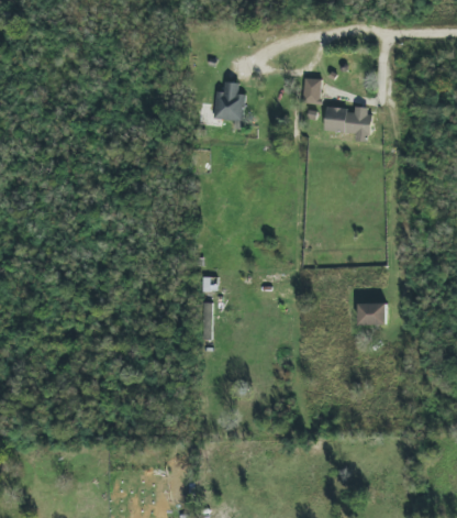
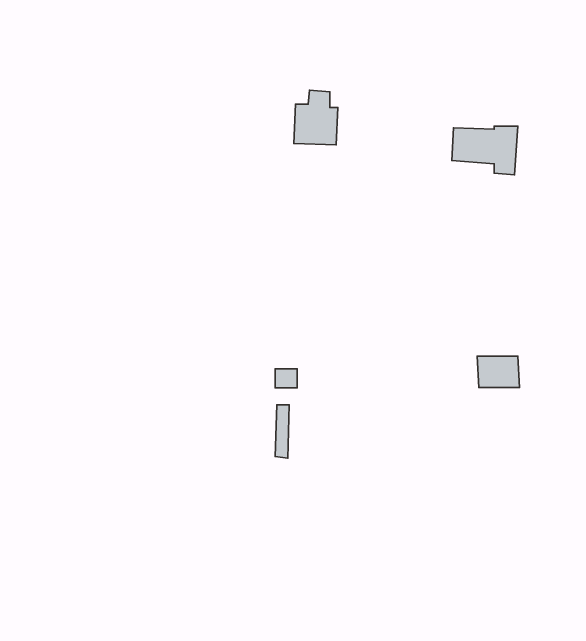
building: [302,78,321,103] -> none
building: [357,302,387,324] -> [477,356,519,387]

